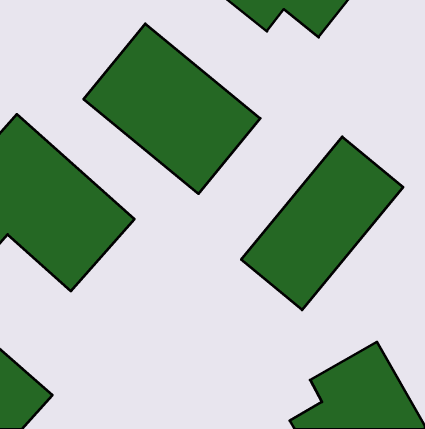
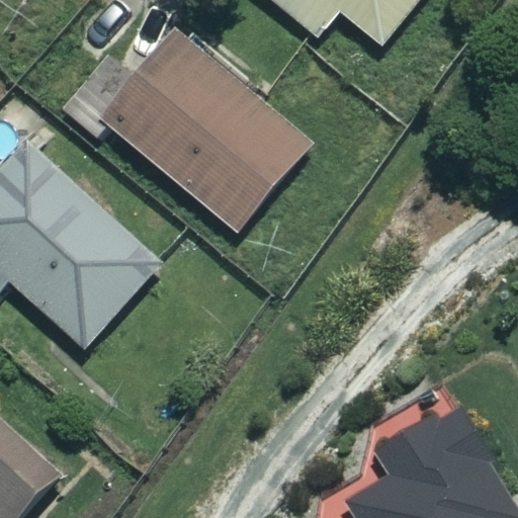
building: [241,137,403,310] -> none

